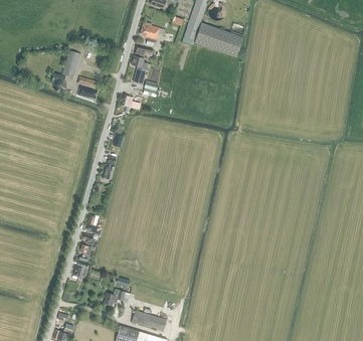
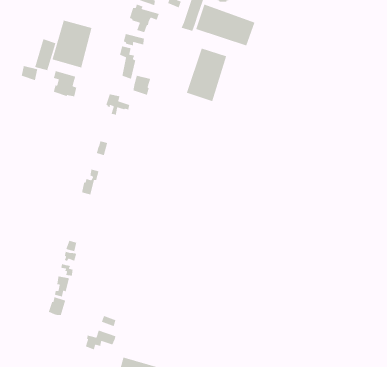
building: none -> [52,19,93,69]
building: none -> [186,48,227,102]

